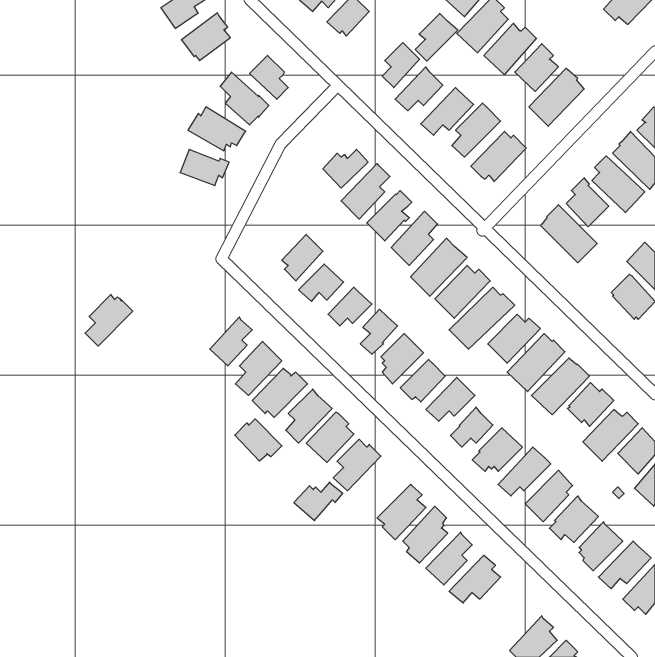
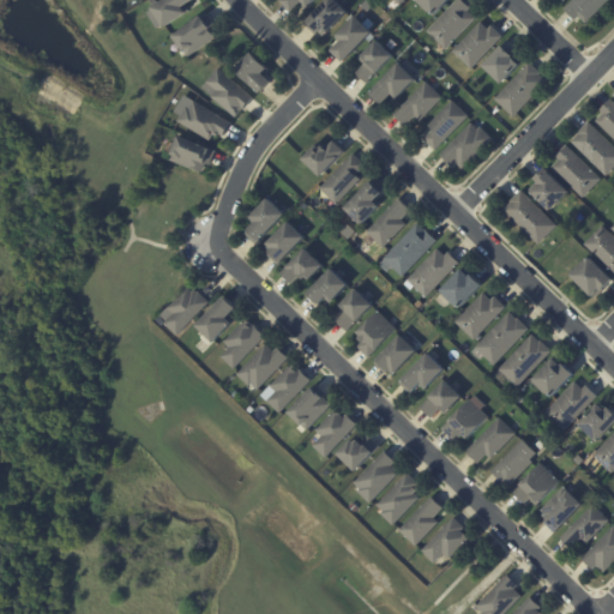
building: [415,13,458,61] -> [331,16,371,60]
building: none -> [245,197,283,241]
building: [85,294,133,346] -> [162,287,206,335]
building: [235,419,282,461] -> none
building: [294,482,343,521] -> [335,435,380,471]

